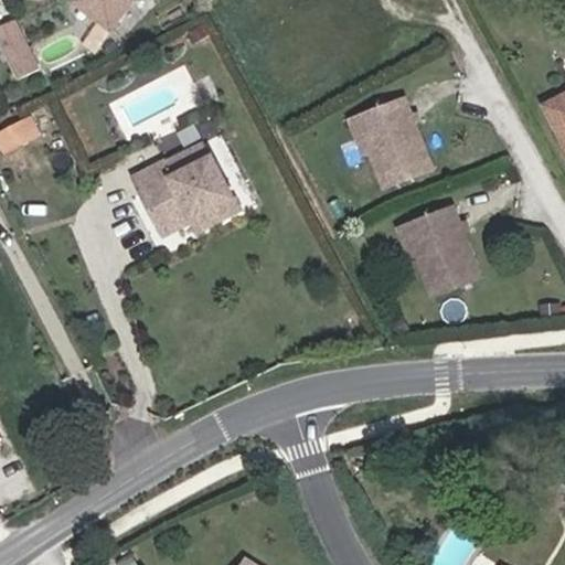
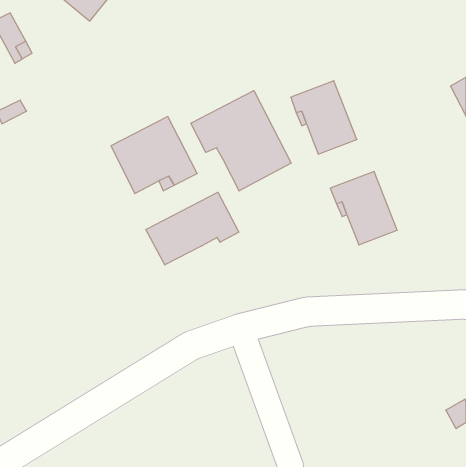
building: none -> [191,91,291,191]
building: none -> [146,192,239,265]

